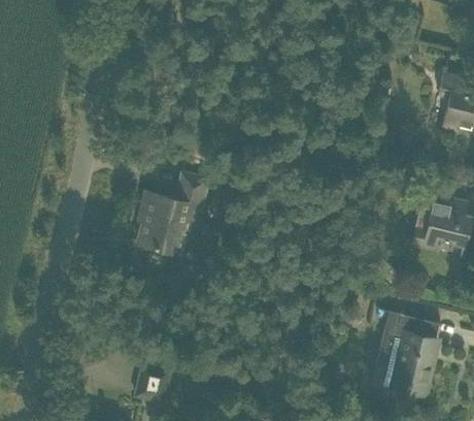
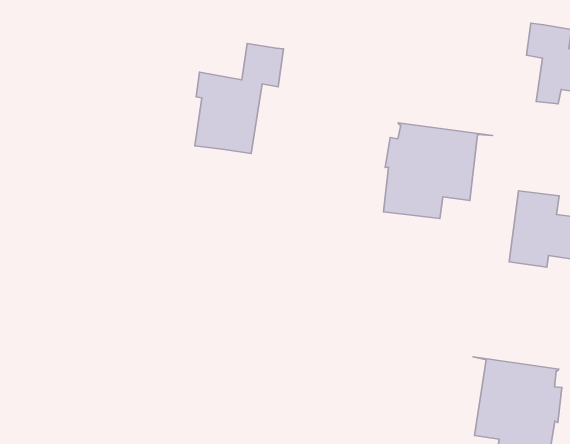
building: none -> [384,123,492,218]
building: [137,175,207,255] -> [195,44,283,154]

